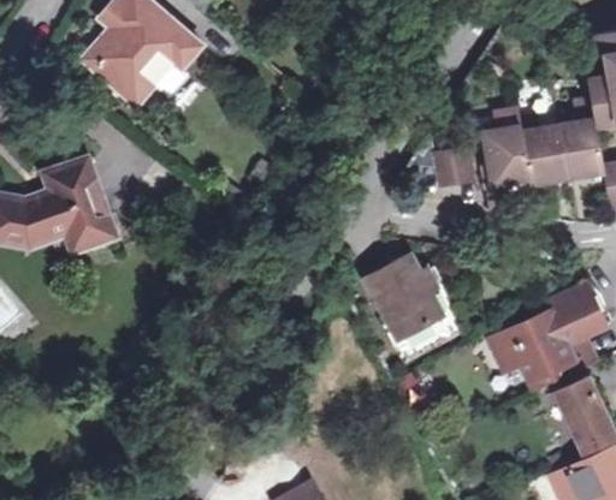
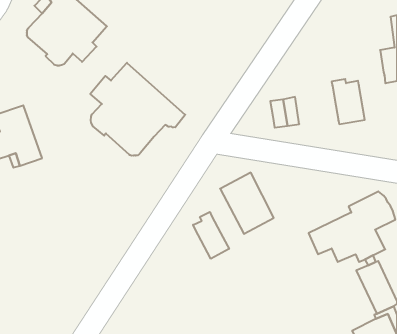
building: none -> [90,63,185,156]
building: [558,112,605,179] -> none
building: [482,119,531,212] -> none
building: none -> [193,212,229,259]

